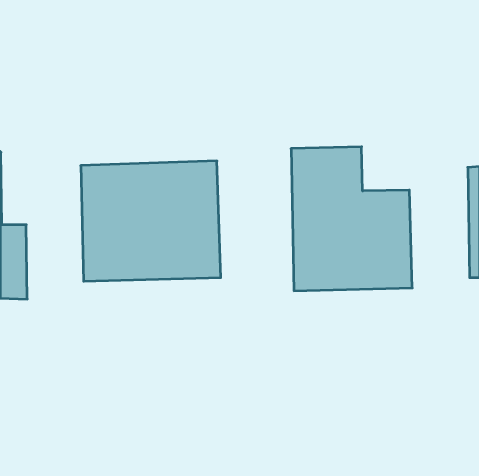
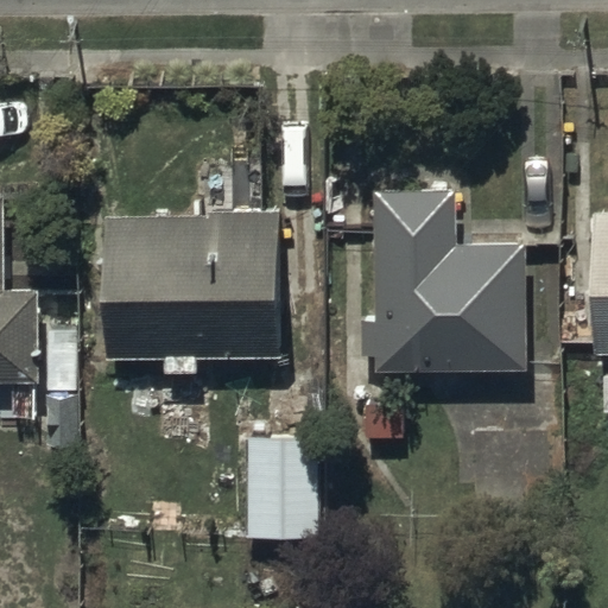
building: none -> [243,433,323,540]

